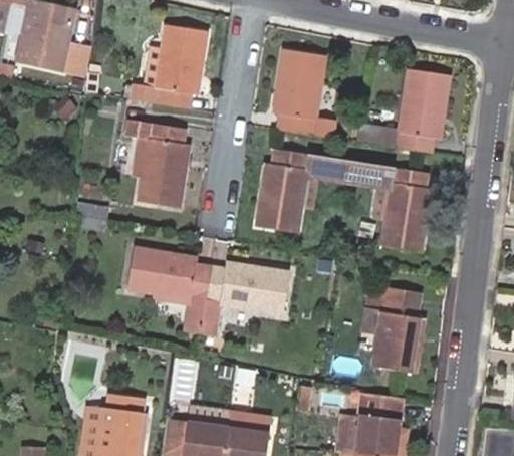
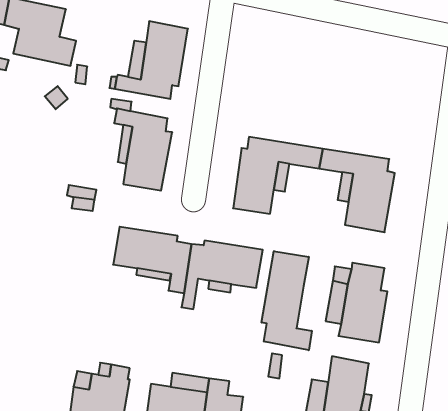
building: [274,49,333,137] -> none
building: [357,69,450,153] -> none
building: none -> [262,251,312,350]

